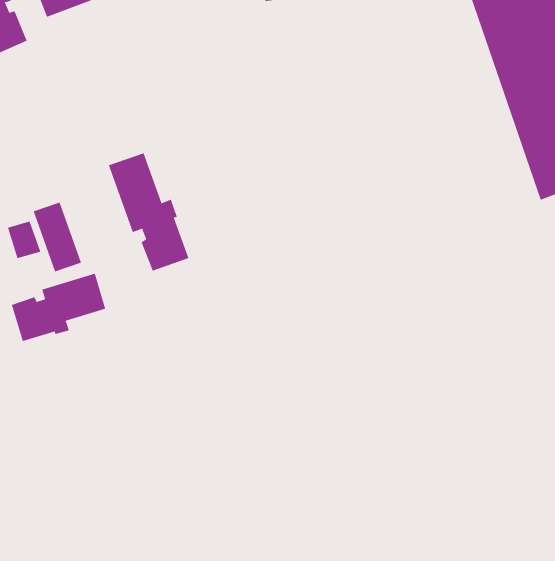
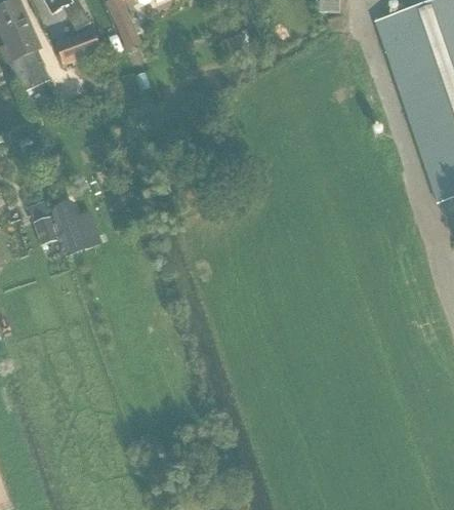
building: [108,153,189,271] -> none
building: [11,273,106,342] -> none

